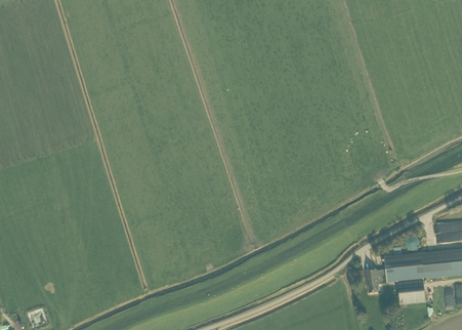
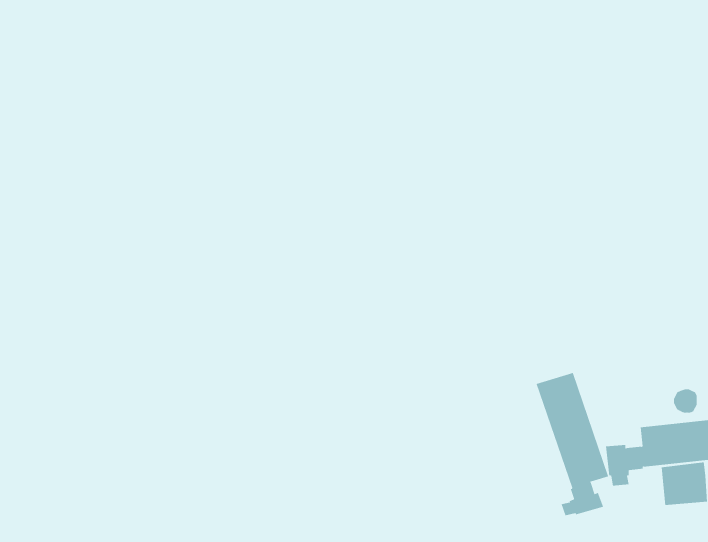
building: none -> [536,372,609,516]

